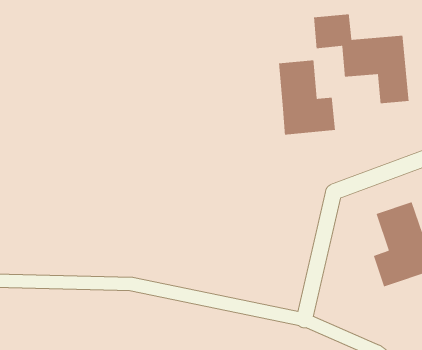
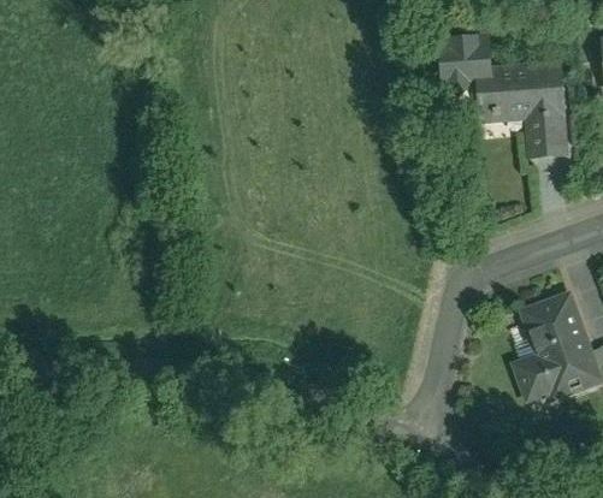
building: [278,60,336,135] -> none

